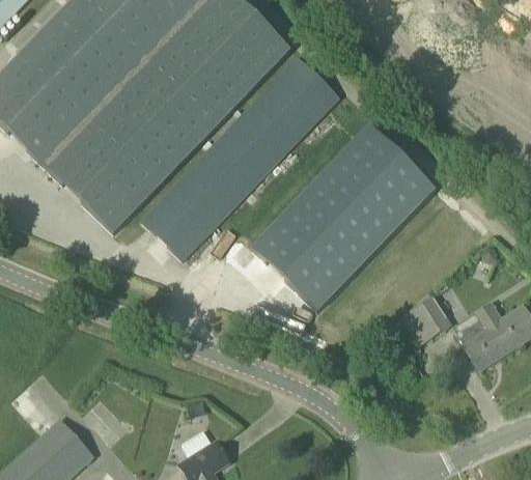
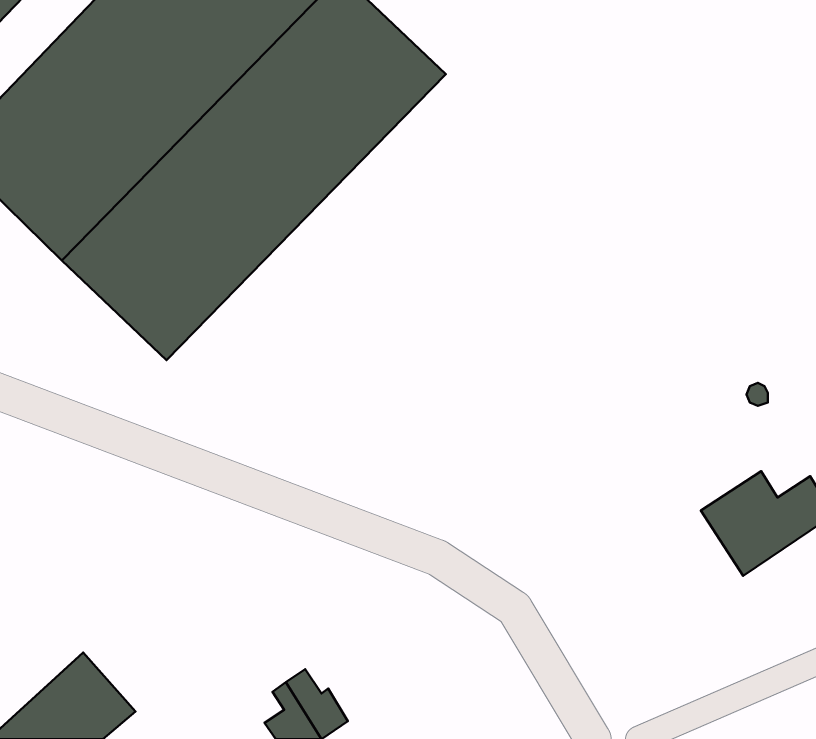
building: [141,55,340,258] -> none
building: [252,124,436,310] -> none
building: [401,294,451,343] -> none

